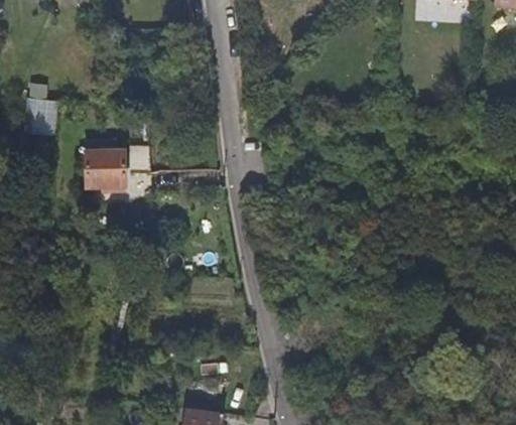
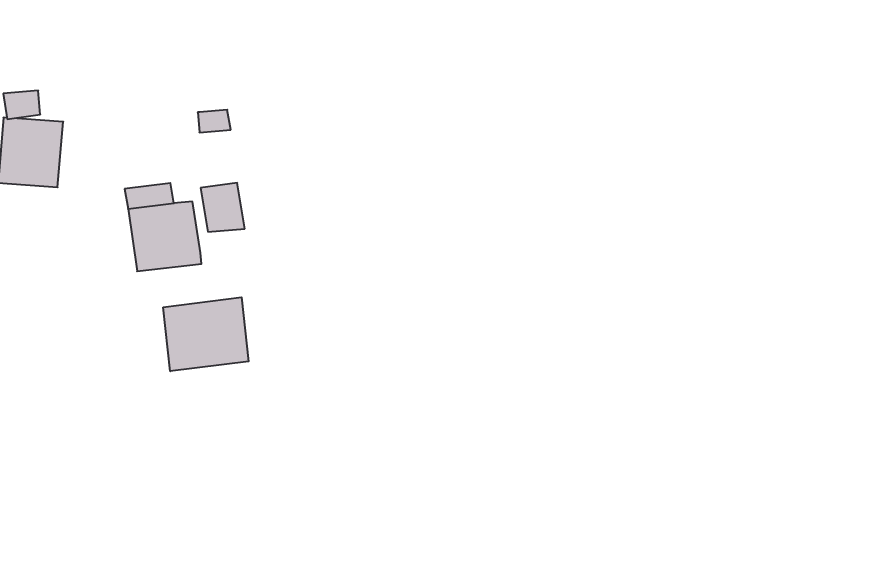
building: none -> [163,297,249,371]

